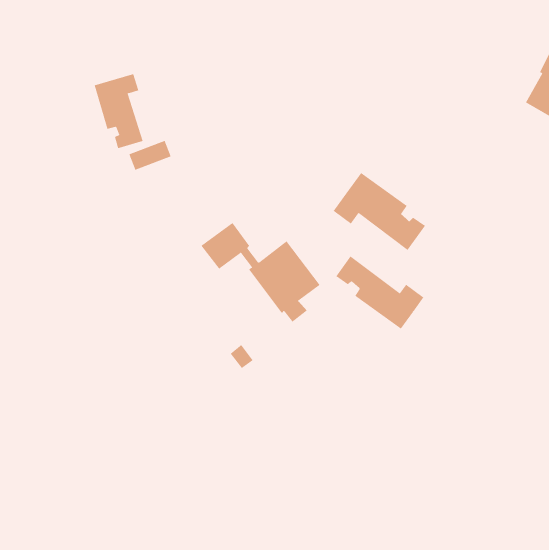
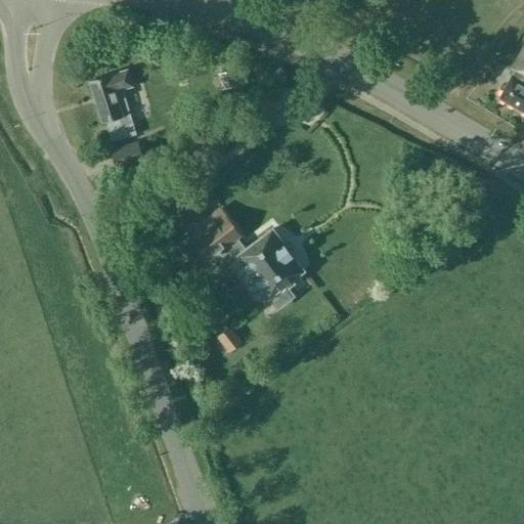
building: [333,172,426,251] -> none
building: [335,256,424,329] -> none

